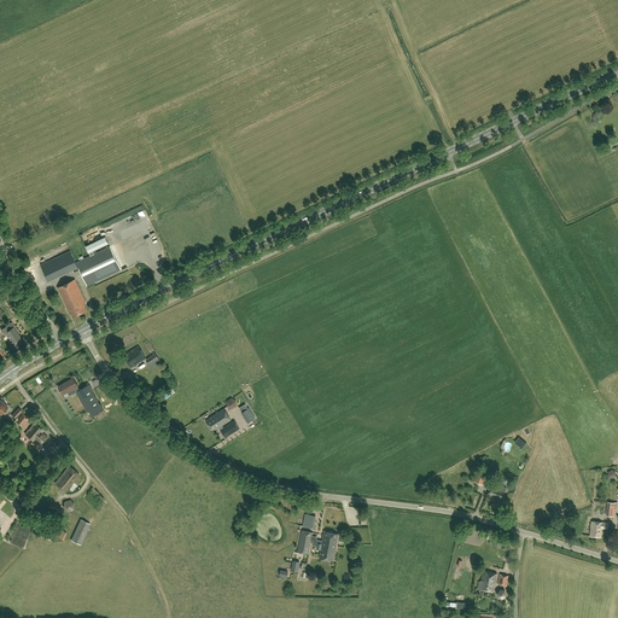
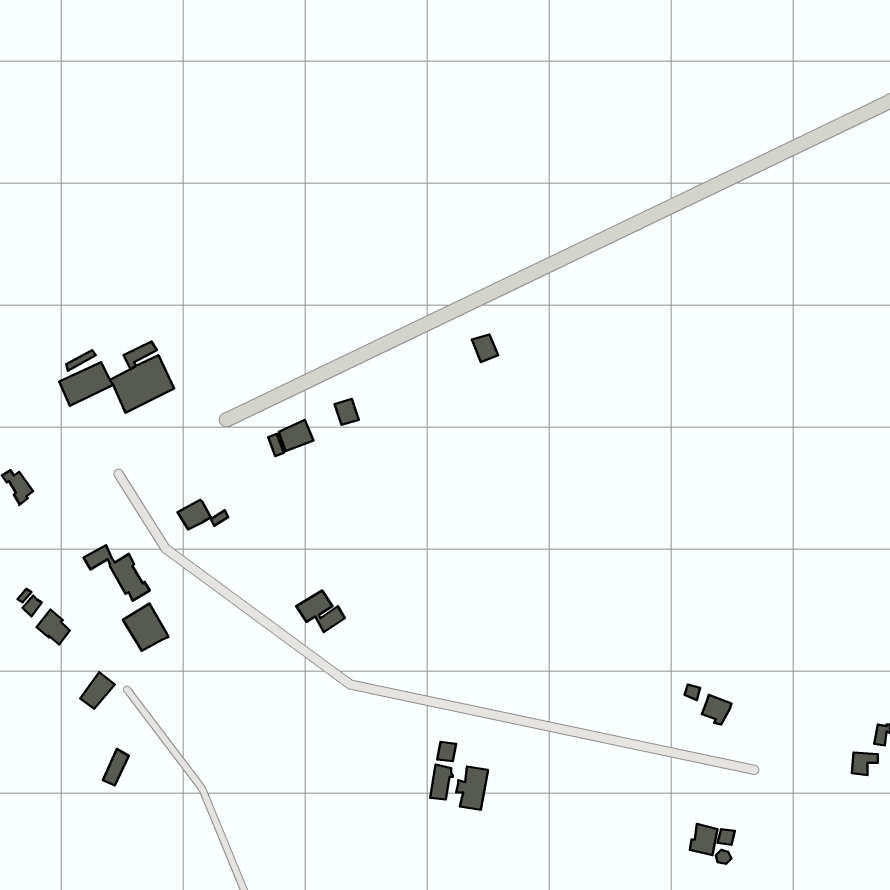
building: [57,279,87,316] -> none
building: none -> [123,603,169,651]

